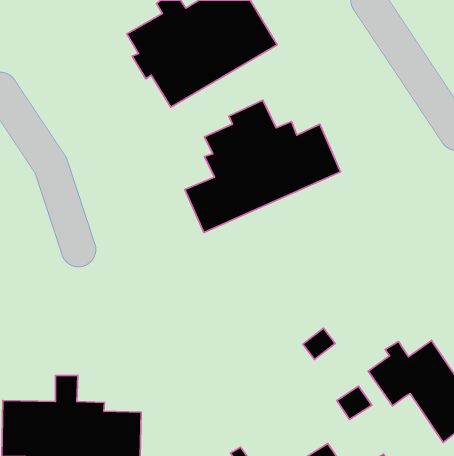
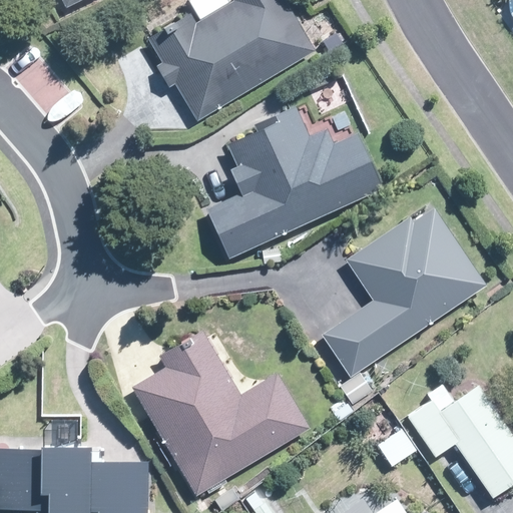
building: none -> [323,204,483,376]
building: none -> [129,331,307,494]

